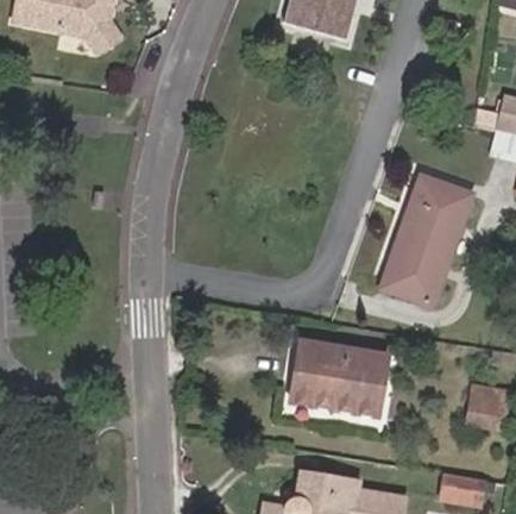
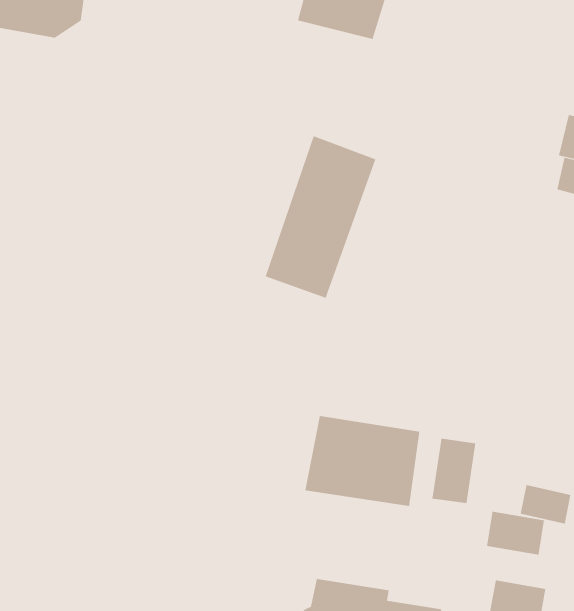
building: [380,171,471,303] -> [265,136,376,299]
building: none -> [432,438,476,504]
building: none -> [487,511,545,555]

